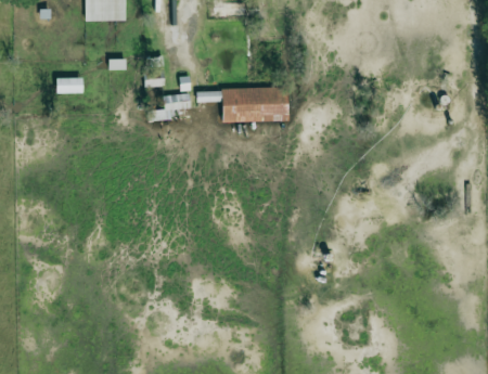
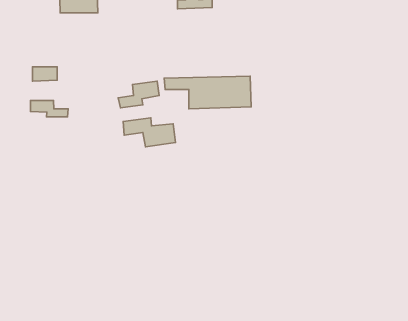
building: none -> [31,100,68,117]
building: none -> [123,118,175,147]

